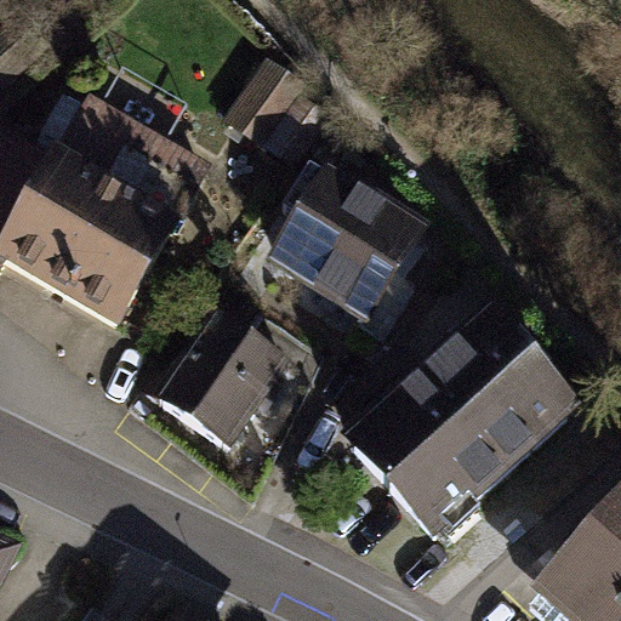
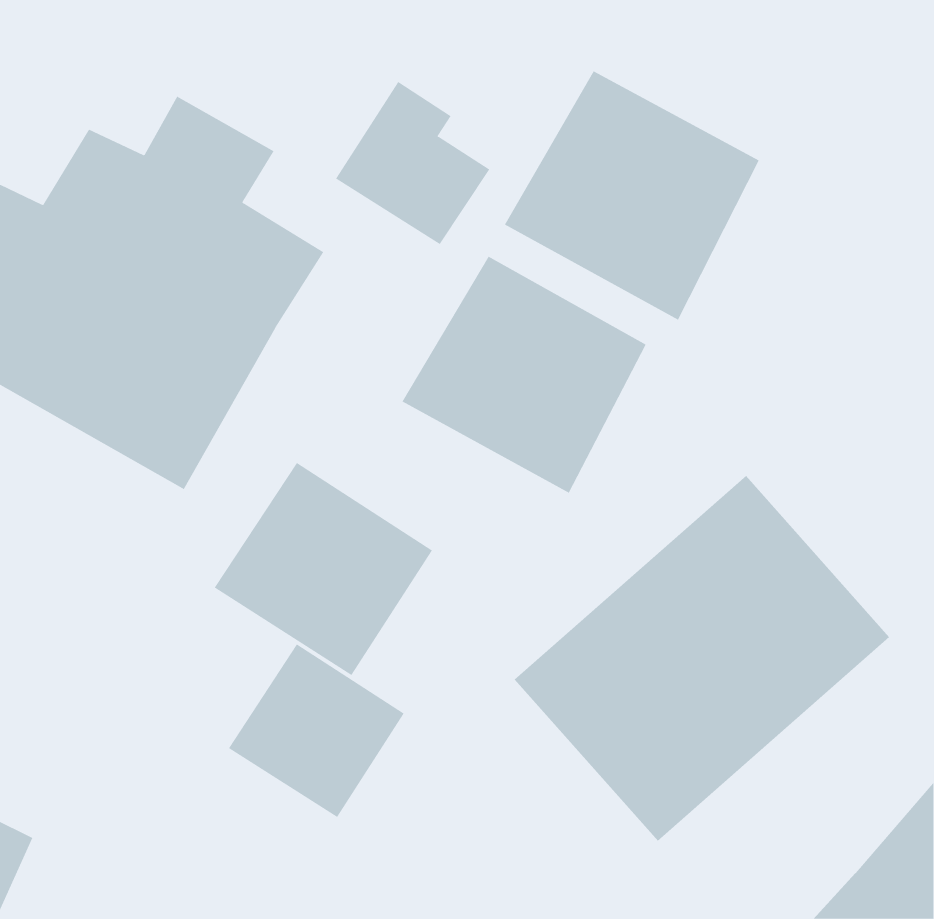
building: none -> [504,71,759,321]
building: none -> [228,644,405,818]

